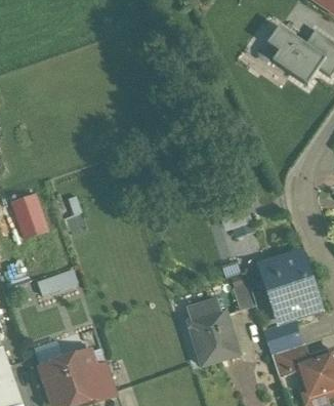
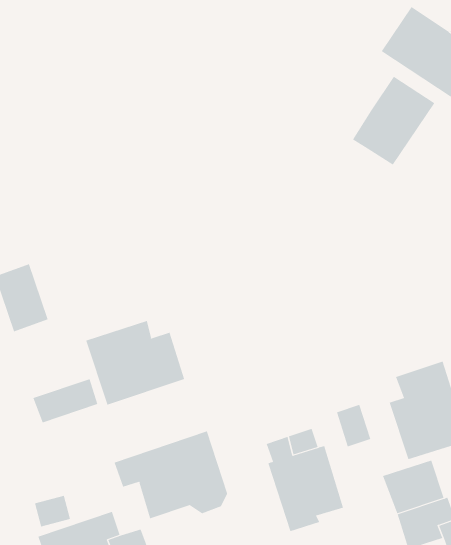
building: none -> [352,76,435,165]
building: none -> [86,320,185,406]
building: none -> [114,430,228,519]

